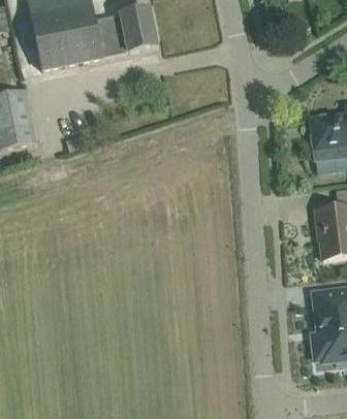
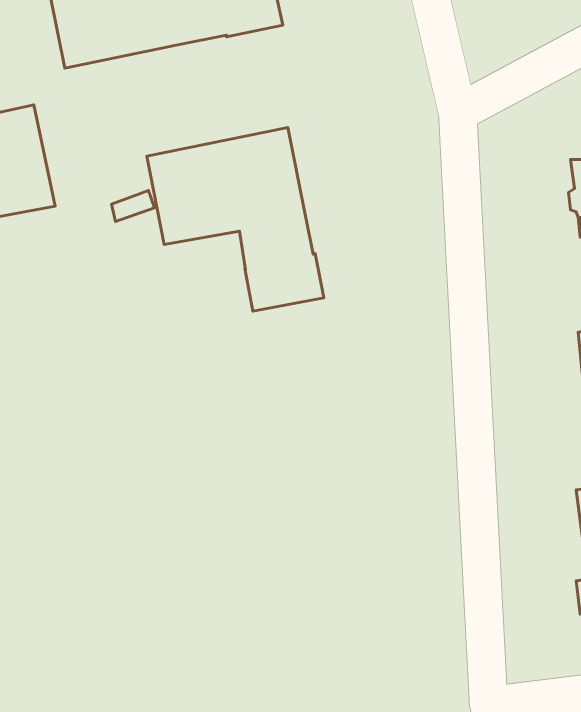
building: none -> [147,127,324,311]

